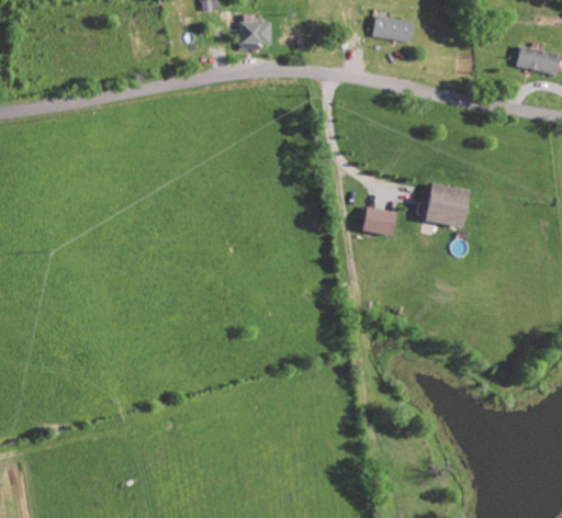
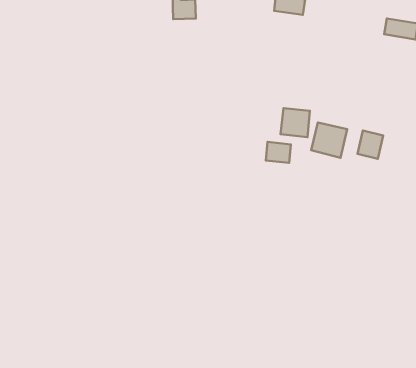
building: none -> [280,108,310,137]
building: none -> [357,131,383,159]

